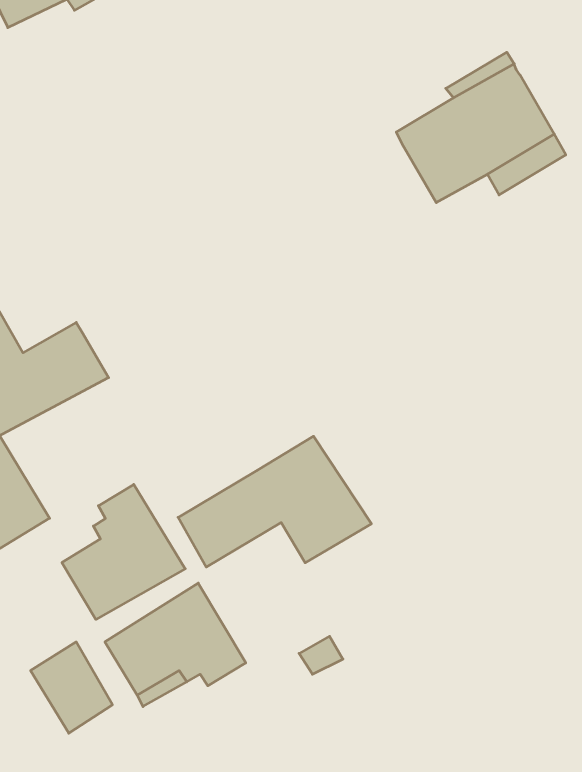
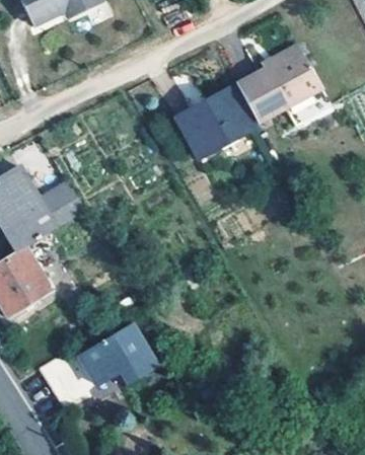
building: none -> [177,87,255,158]
building: [178,436,371,567] -> none
building: [62,484,185,619] -> none

